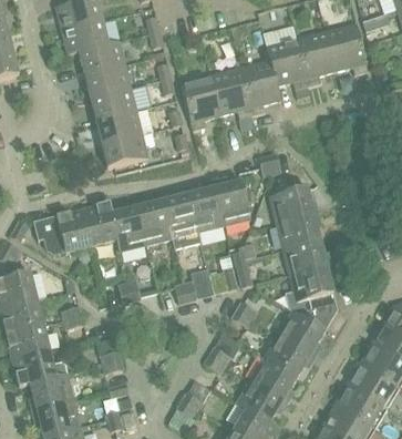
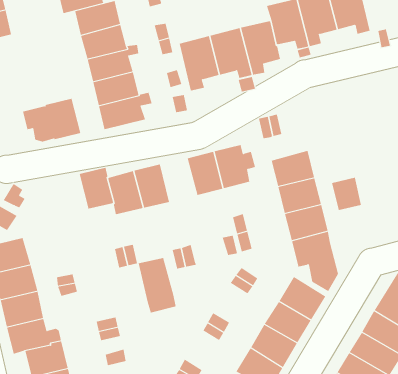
building: [163,194,200,248] -> [138,258,176,313]
building: [34,210,92,253] -> [22,98,81,142]
building: none -> [332,177,361,211]

